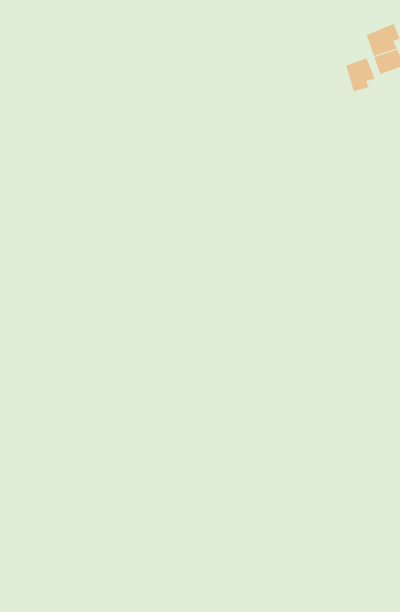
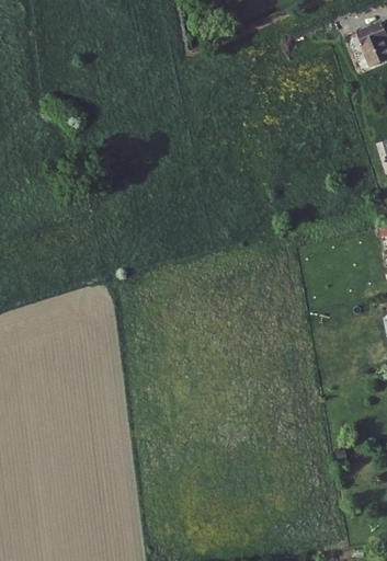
building: [345,58,375,92] -> none

